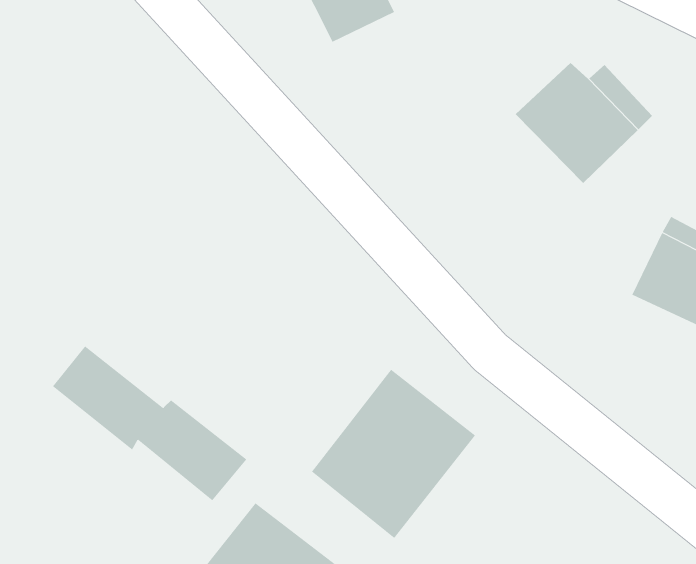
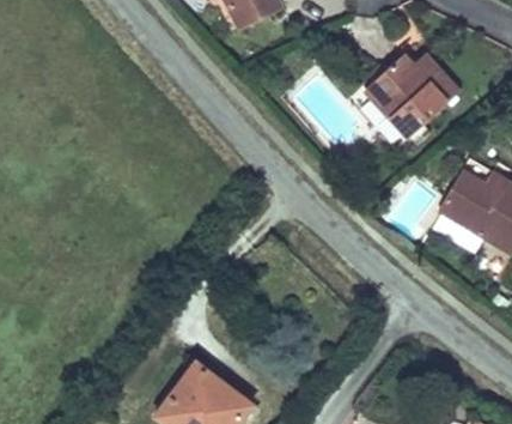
building: [52,345,247,501] -> none
building: [311,369,476,539] -> none

